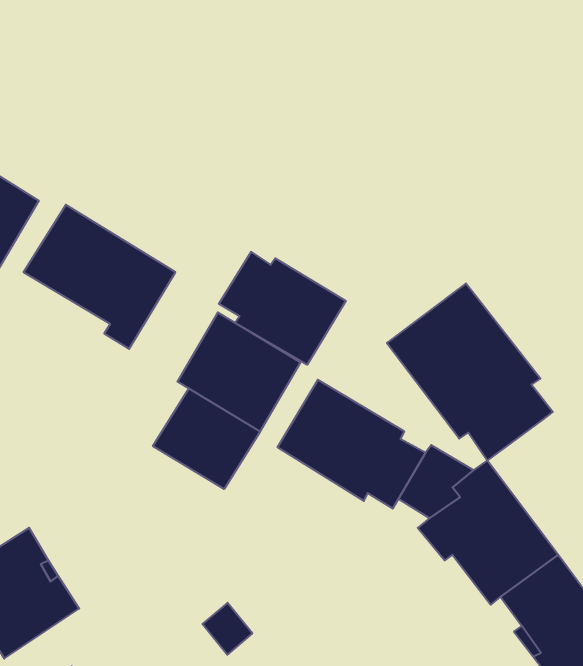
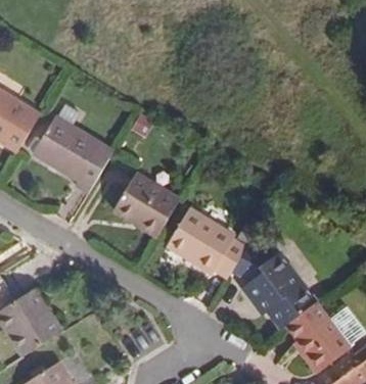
building: [219,252,346,365] -> none
building: [387,283,553,460] -> none
building: [153,389,260,489] -> none

